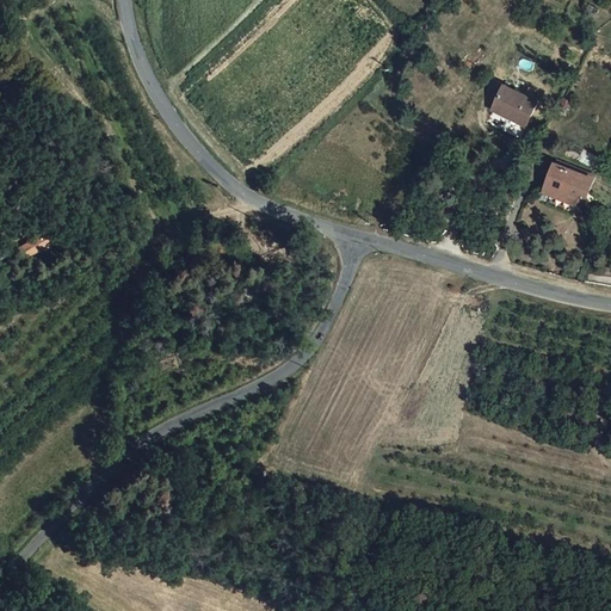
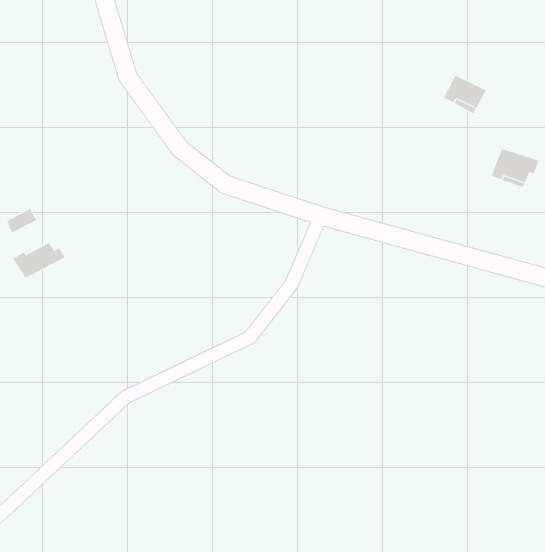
building: none -> [12,242,65,278]

